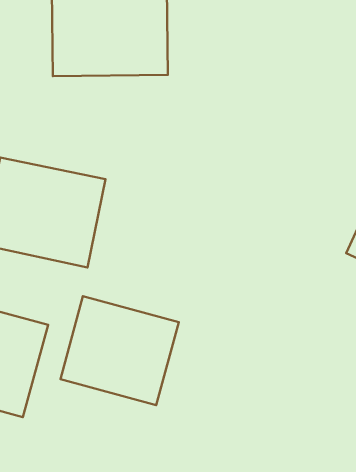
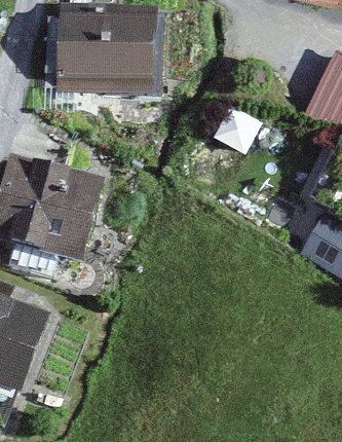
building: [60,296,179,405] -> none

